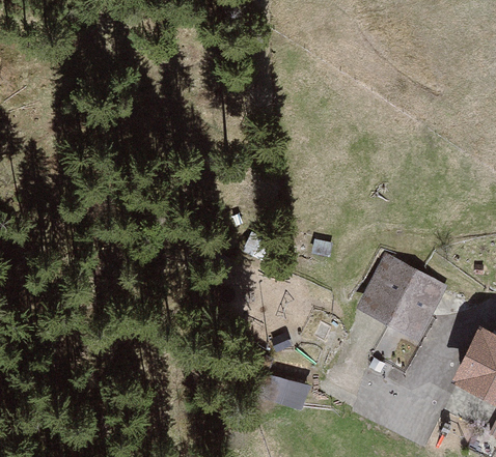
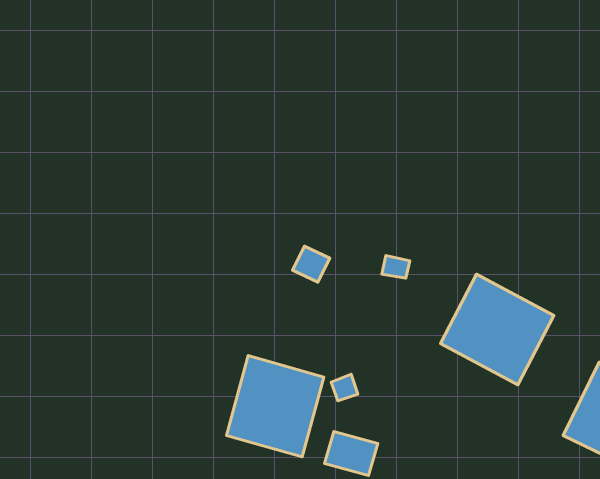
building: none -> [227,356,324,457]

